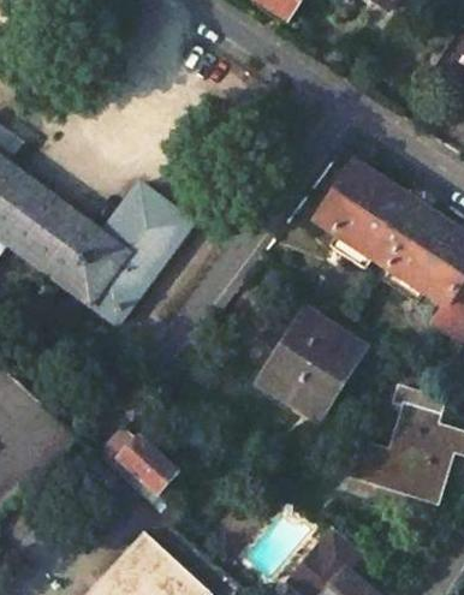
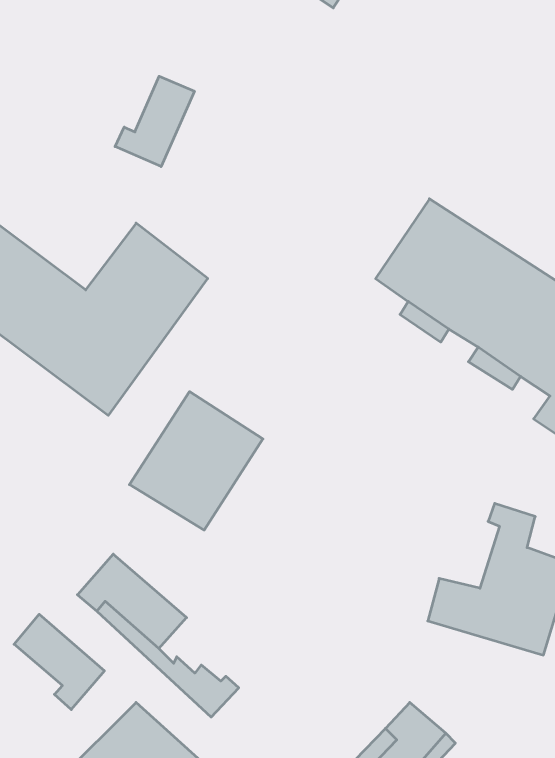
building: none -> [115,76,194,167]
building: [263,315,362,417] -> [129,392,263,530]
building: none -> [14,614,104,710]

